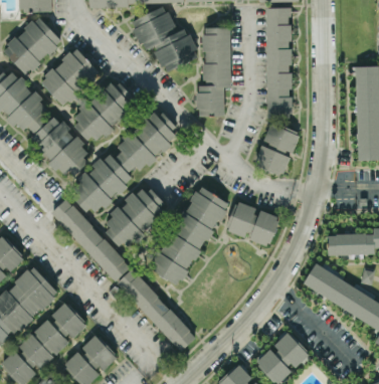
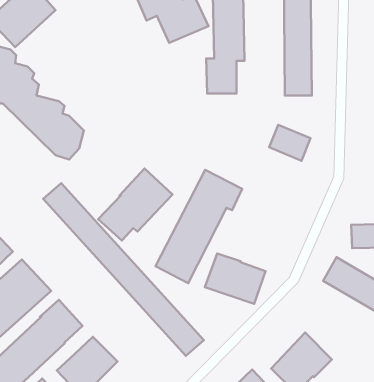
building: [40,48,100,107] -> none
building: [70,80,134,143] -> none
building: [68,109,181,215] -> none
building: [263,124,300,153] -> none
building: [225,201,279,246] -> [205,253,265,304]

